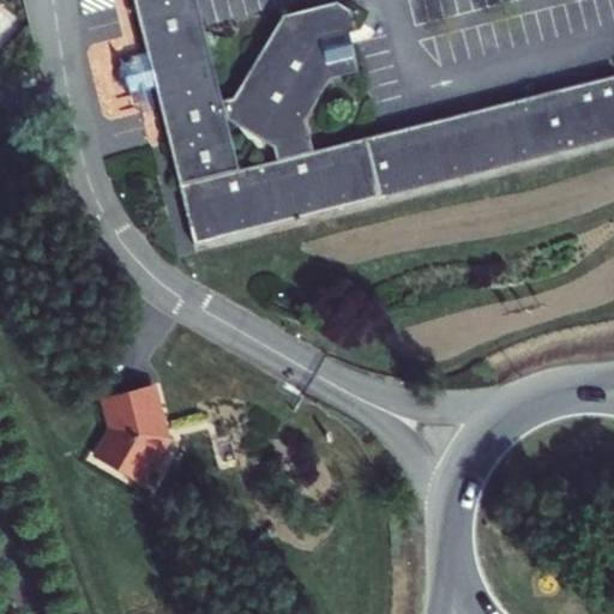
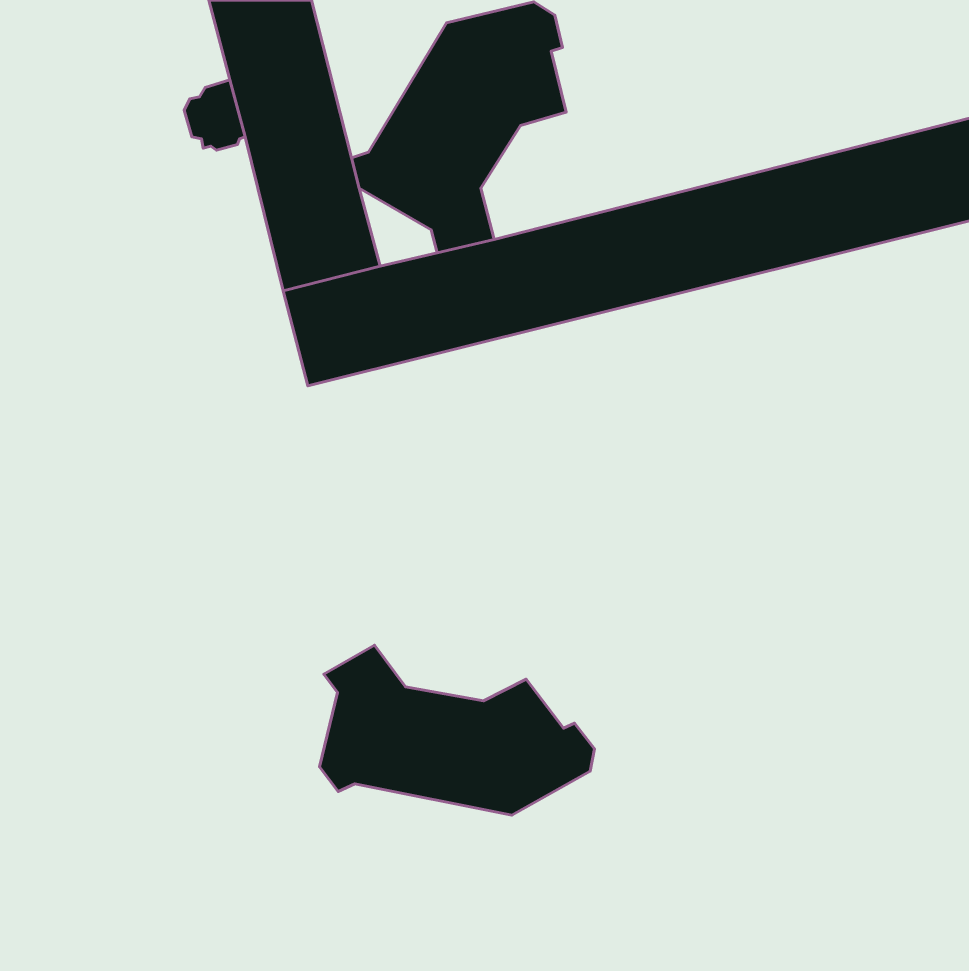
building: [97,385,171,481] -> none
building: none -> [320,645,595,815]

